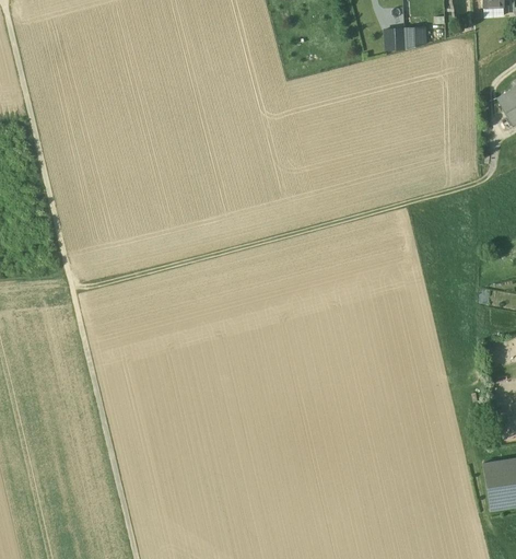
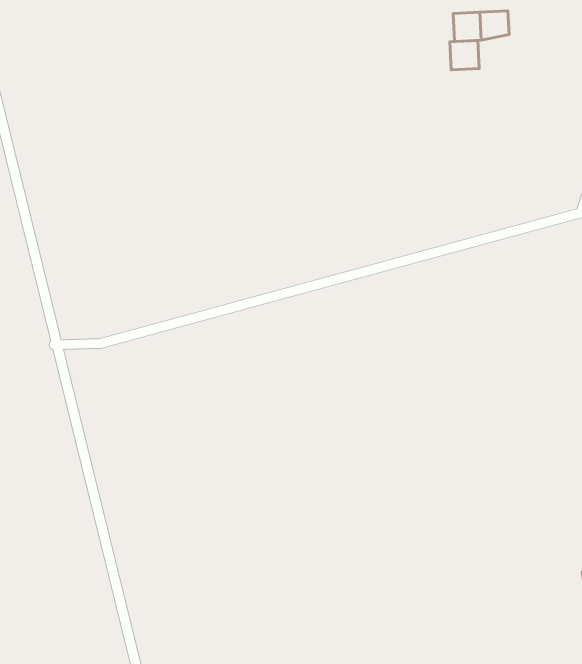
building: none -> [450,40,479,70]

